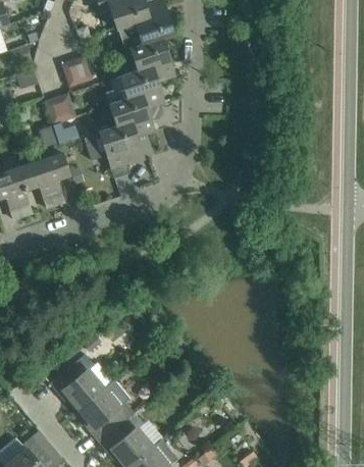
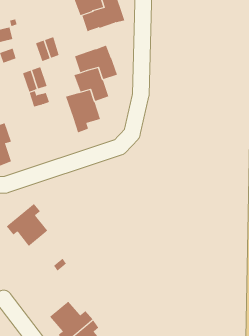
building: [129,39,175,83] -> none
building: [23,152,69,209] -> none
building: [50,354,103,409] -> [6,203,48,247]

